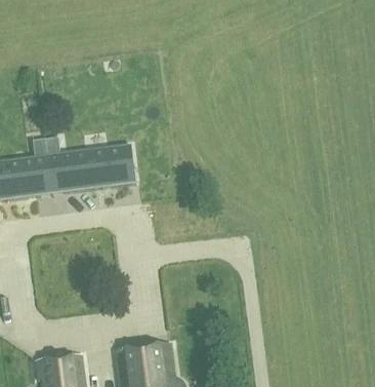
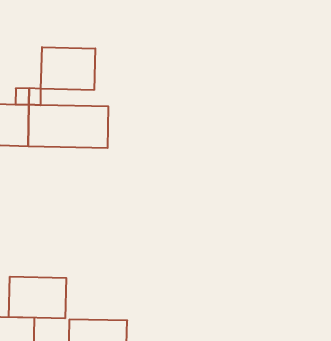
building: none -> [41,47,95,90]
building: none -> [9,277,66,318]

